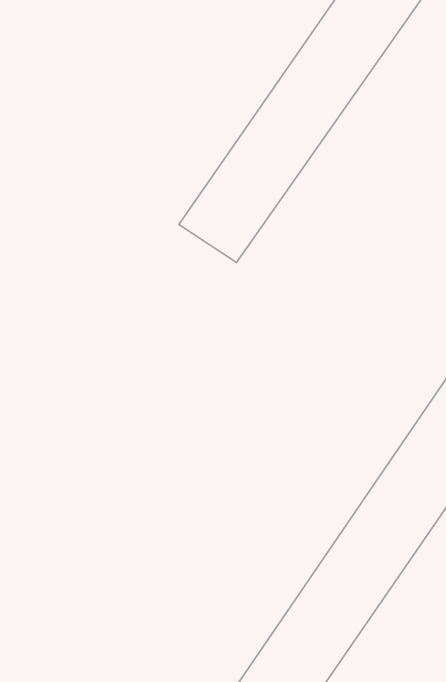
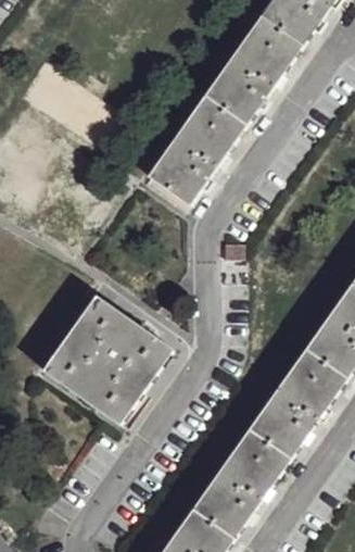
building: none -> [42,300,173,425]

